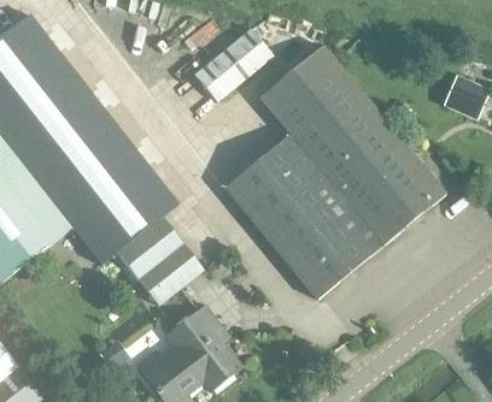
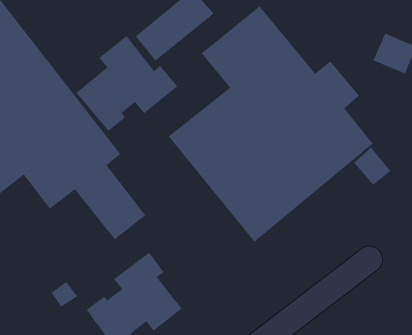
building: none -> [75,35,178,132]
building: none -> [354,147,391,186]

